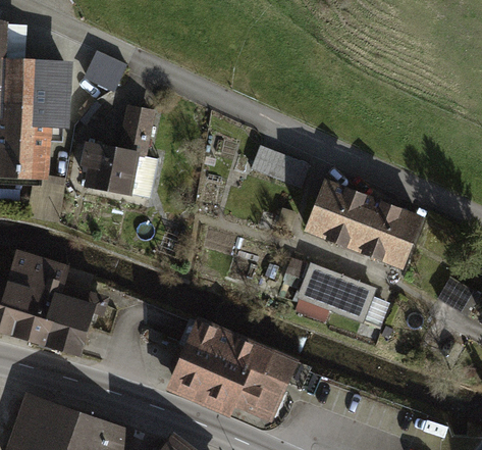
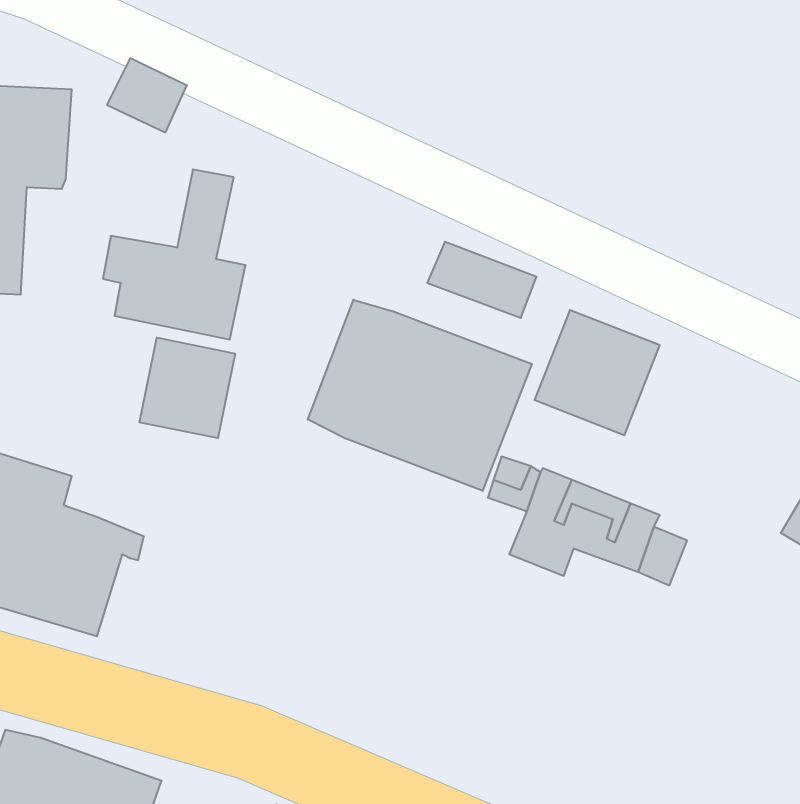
building: none -> [308,300,532,491]
building: none -> [139,338,235,438]
building: [355,200,420,265] -> none
building: [173,318,294,417] -> none

